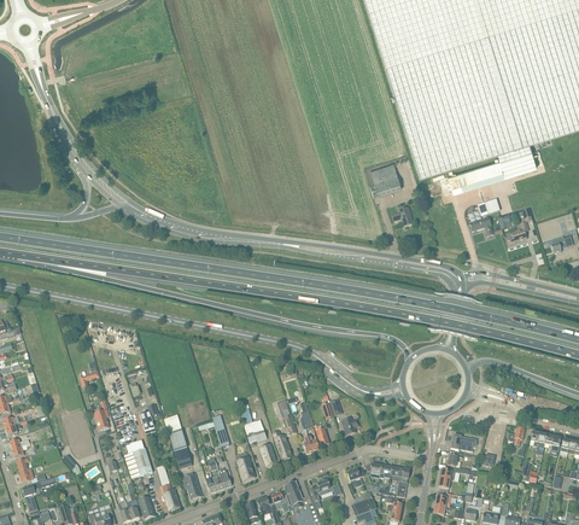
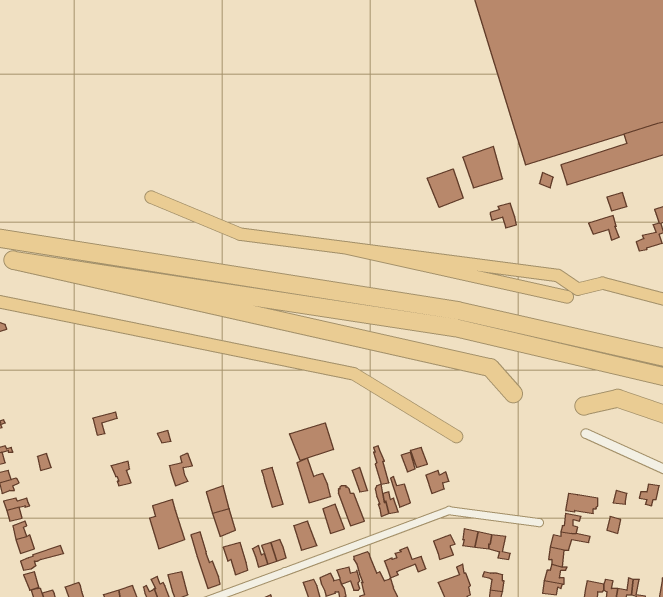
building: none -> [427,169,463,207]
building: none -> [290,423,333,461]

